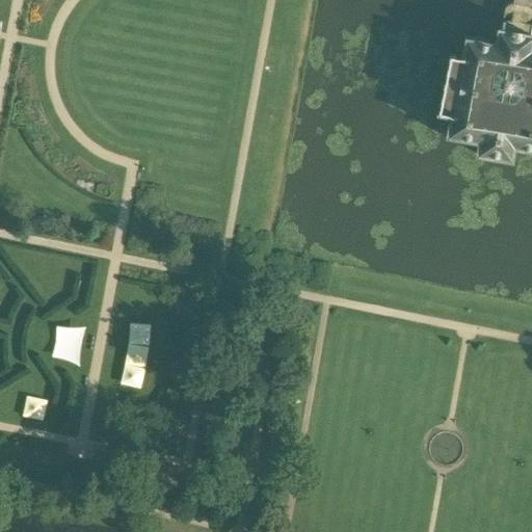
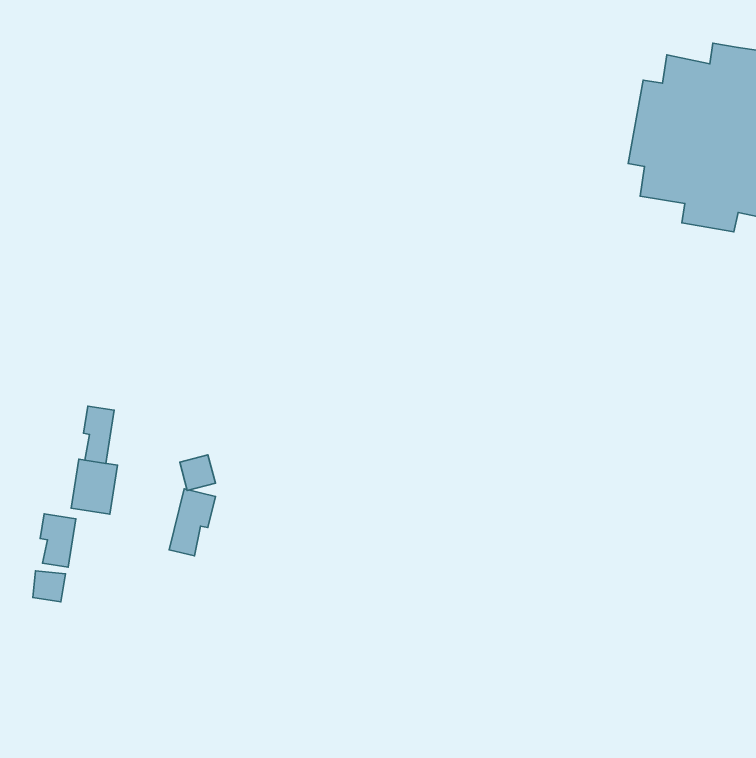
building: none -> [83,406,114,463]
building: none -> [40,514,76,567]

